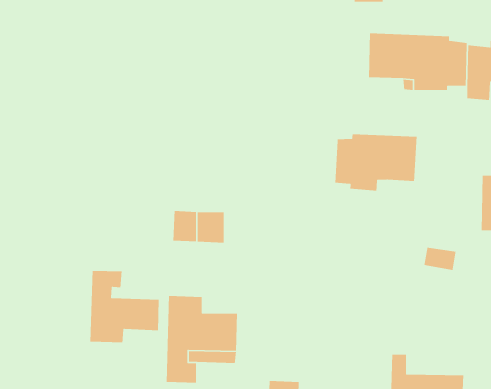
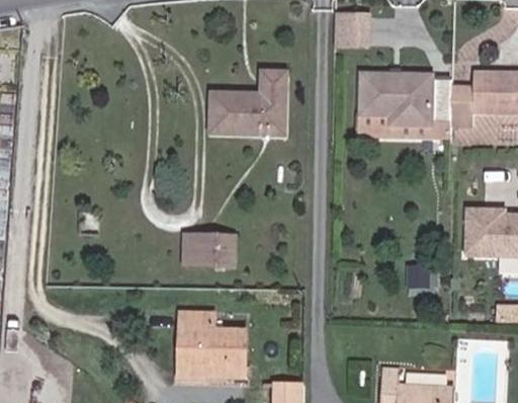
building: none -> [208,74,287,135]
building: [334,134,417,192] -> none
building: [90,270,160,343] -> none

